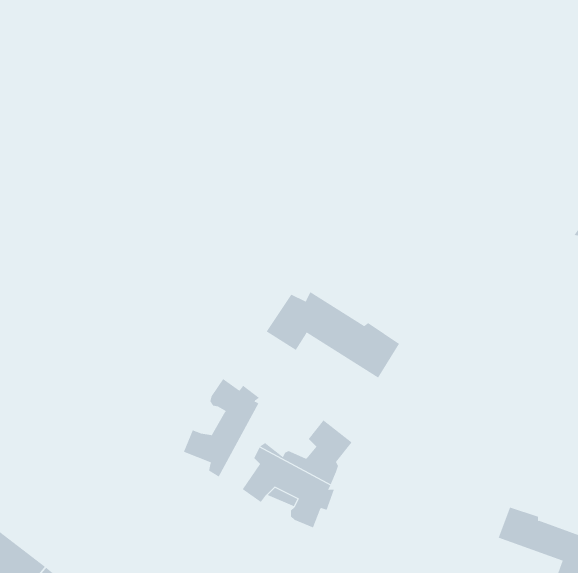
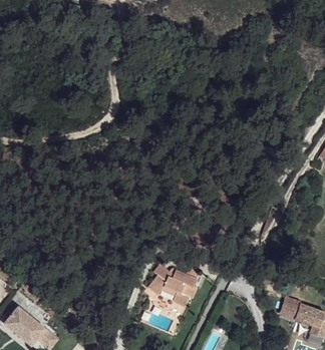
building: [266,291,400,378] -> none
building: [183,378,260,477] -> none

